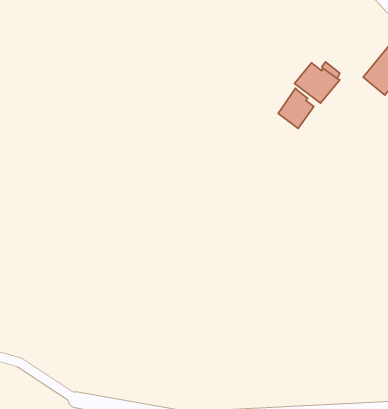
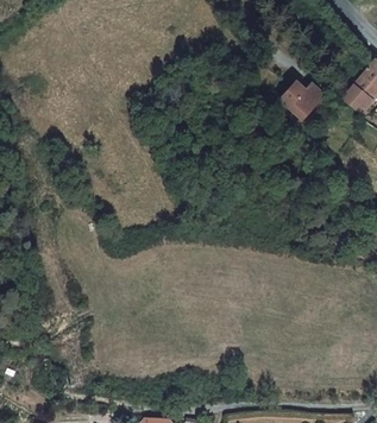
building: [278,88,314,129] -> none

